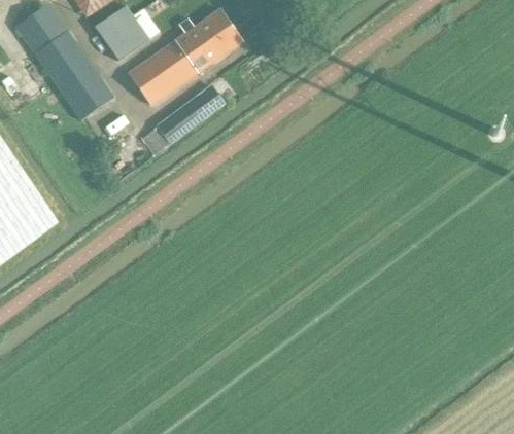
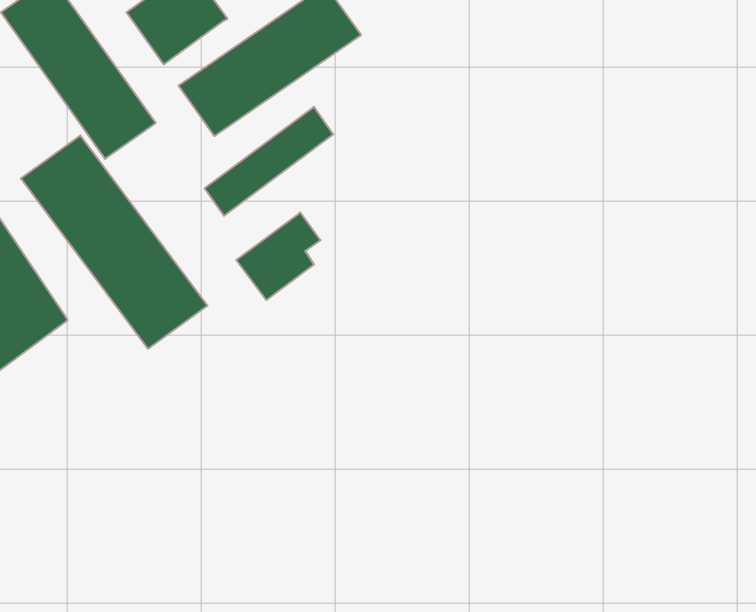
building: none -> [21,135,208,349]
building: none -> [236,212,321,300]

